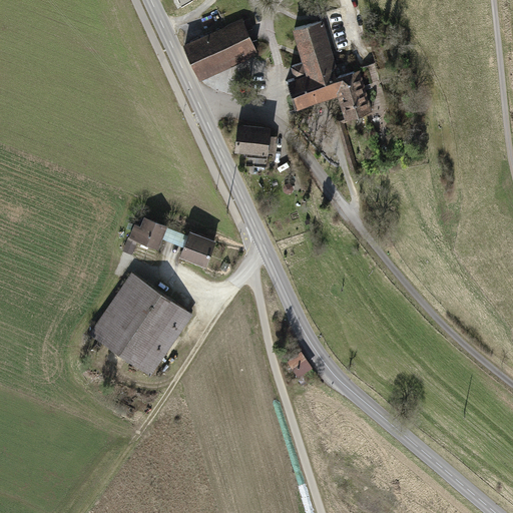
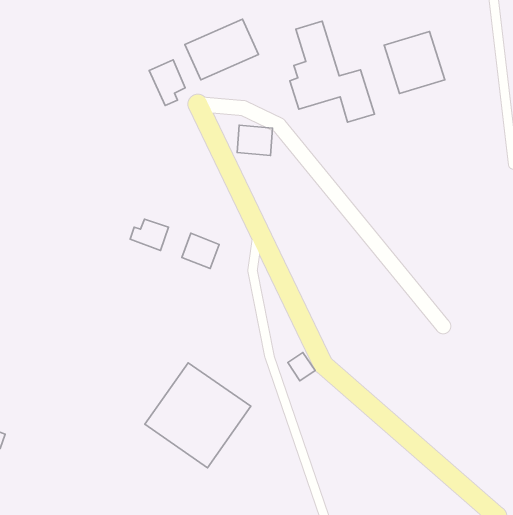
building: none -> [384,31,445,94]
building: none -> [149,60,185,106]
building: [87,272,192,376] -> [145,363,251,468]

